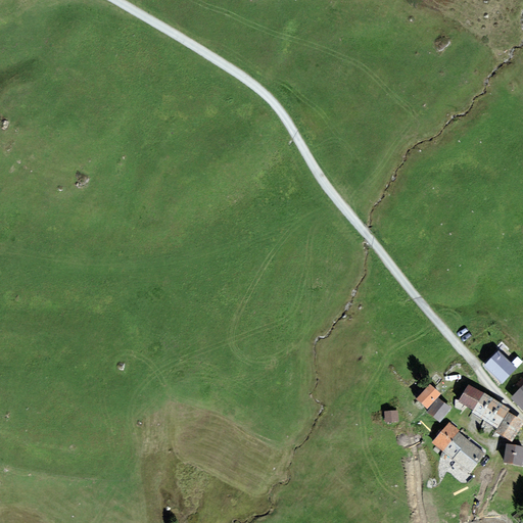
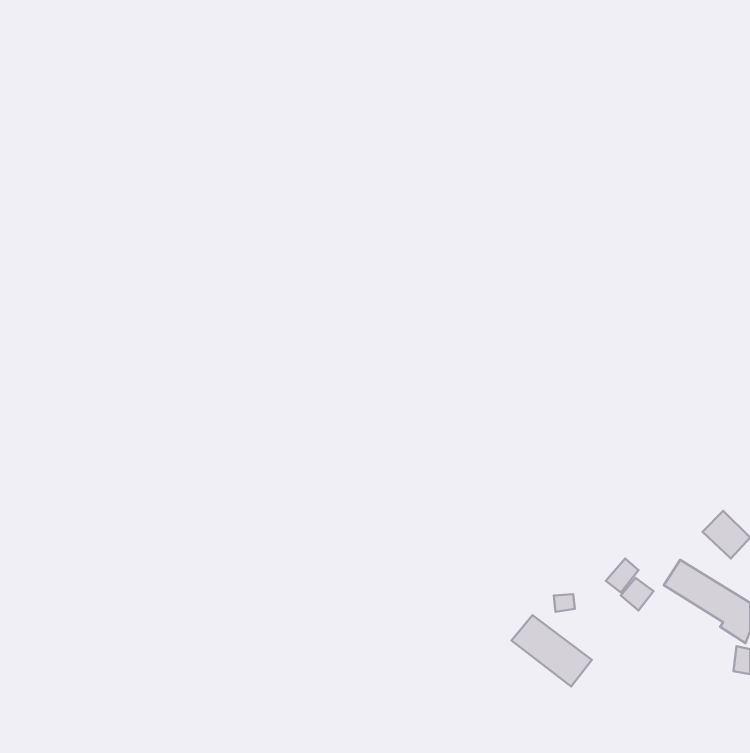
building: [430,423,485,472] -> [512,615,592,686]

